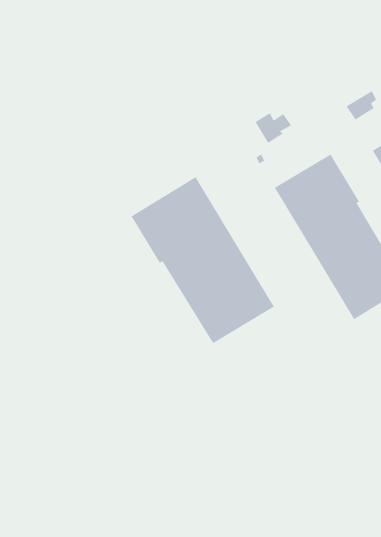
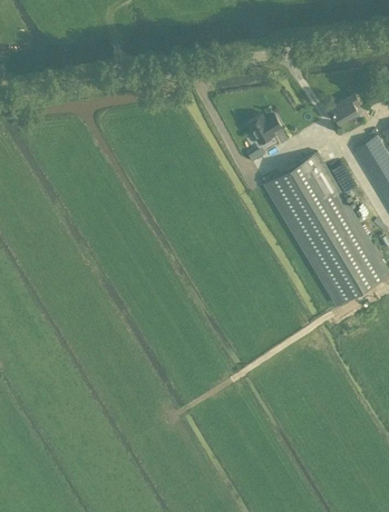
building: [130,176,275,344] -> none

